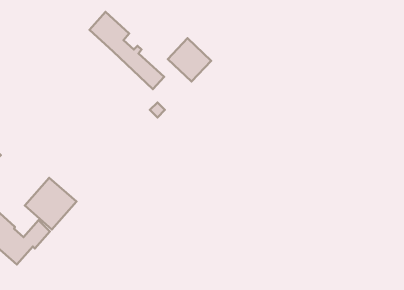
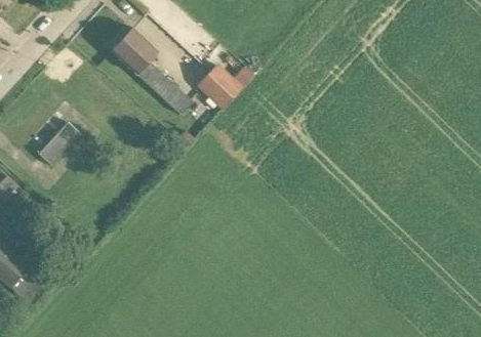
building: none -> [37,123,79,166]
building: [25,178,77,229] -> none

